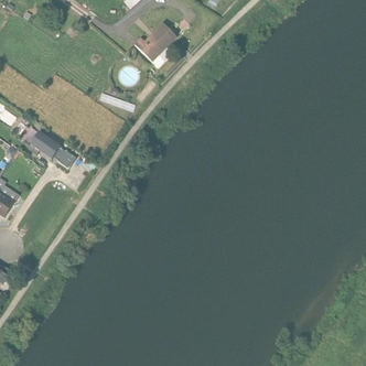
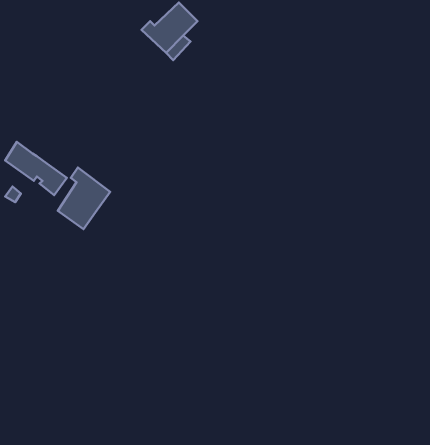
building: none -> [58,168,110,229]

